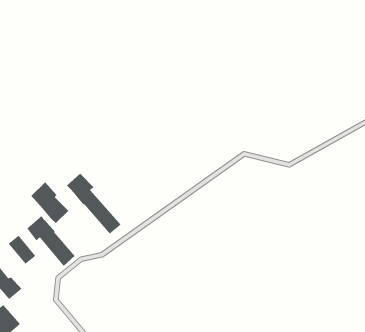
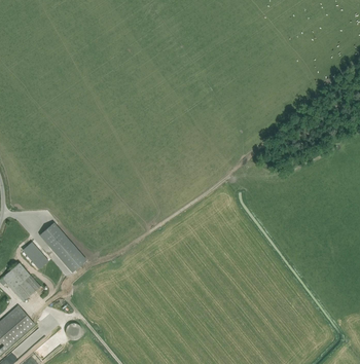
building: [66,173,121,234] -> none
building: [30,181,69,224] -> none

